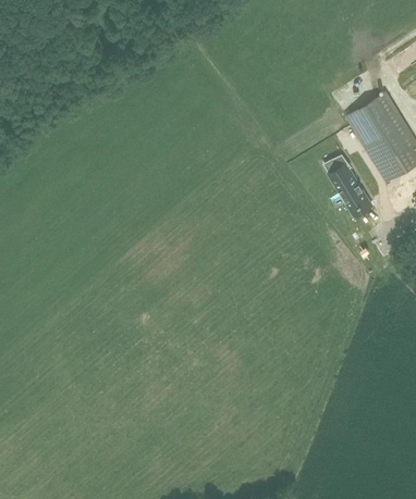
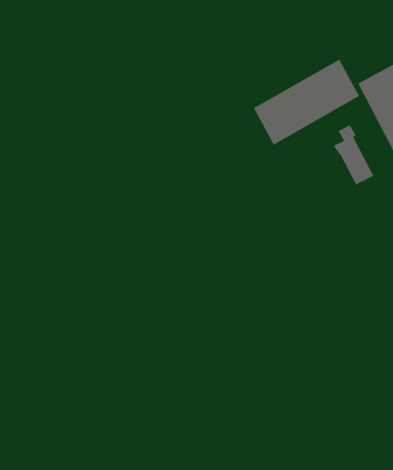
building: none -> [253,59,360,145]

